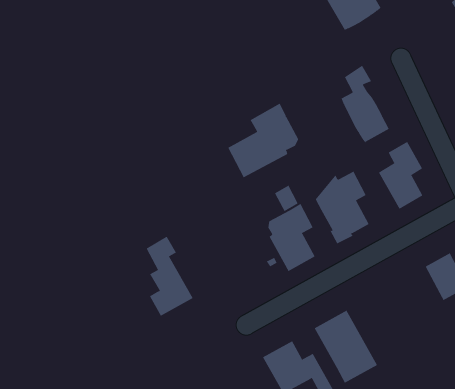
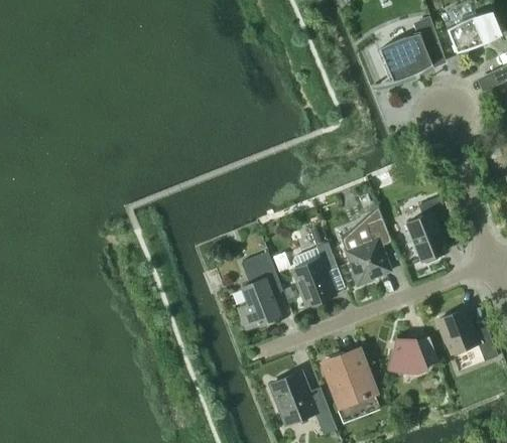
building: [341,65,389,151] -> none
building: [227,103,299,178] -> none
building: [146,236,194,316] -> [238,253,280,329]
building: none -> [388,334,438,373]

